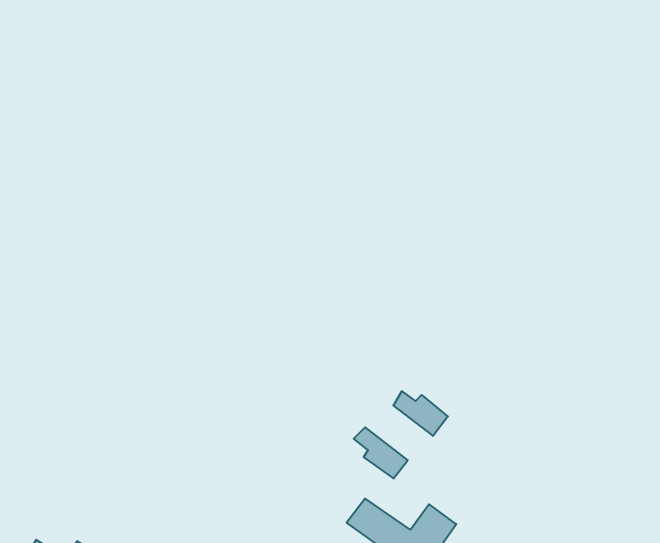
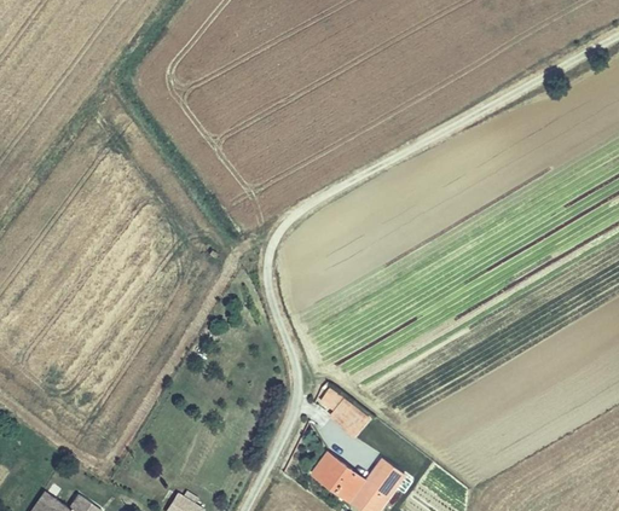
building: [393,391,448,436] -> none

